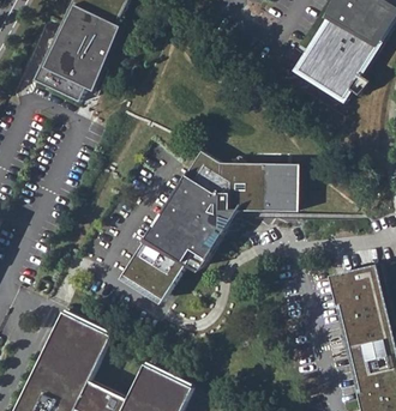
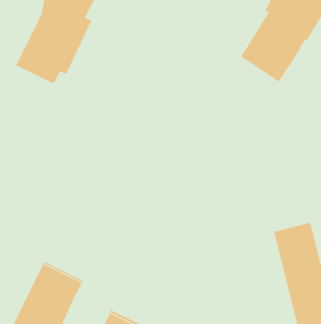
building: [122,151,289,296] -> none

